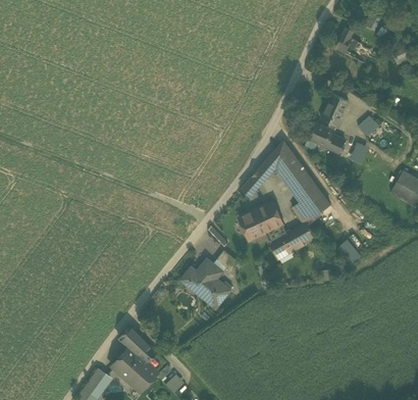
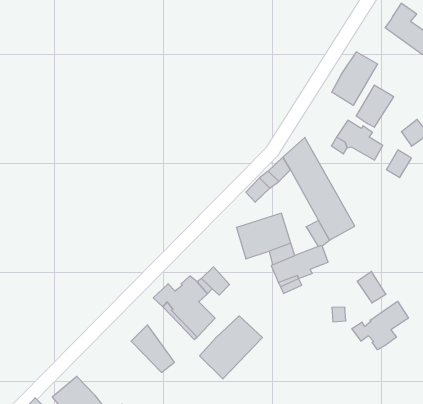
building: none -> [332,52,378,105]
building: none -> [352,301,408,350]
building: none -> [200,316,262,379]
building: [118,326,154,361] -> [131,325,174,372]

